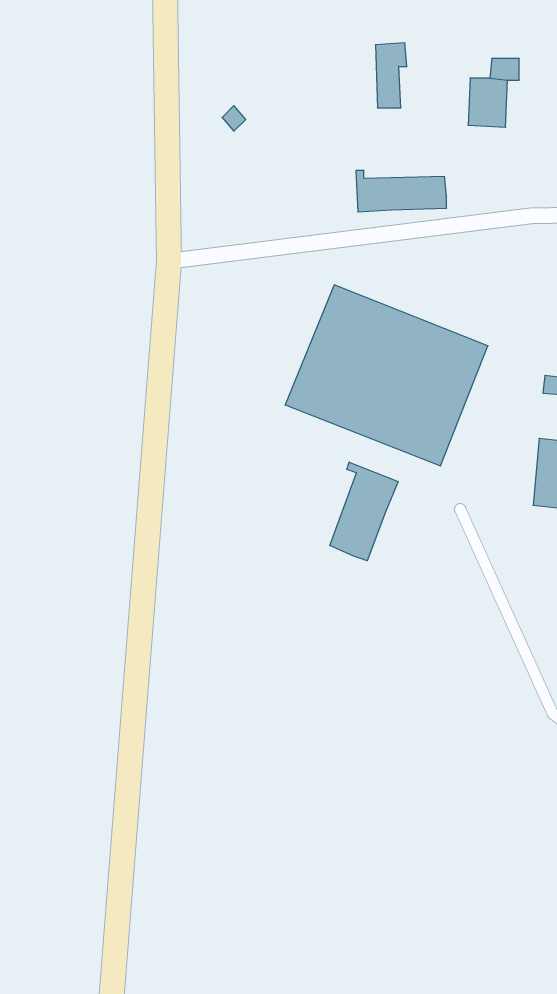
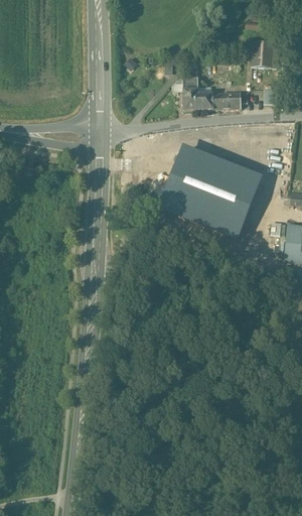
building: [375,43,407,108] -> [182,76,198,109]
building: [330,462,398,561] -> none

